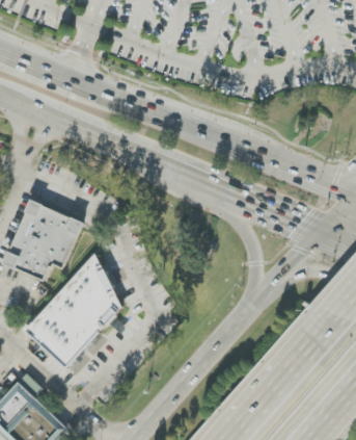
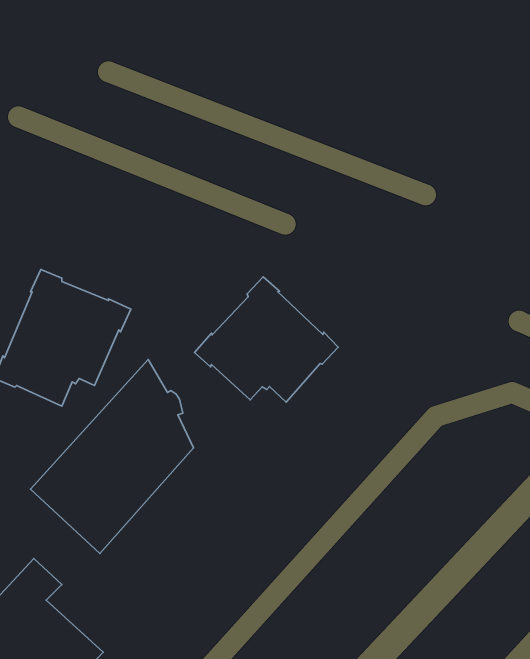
building: none -> [194,277,338,402]

